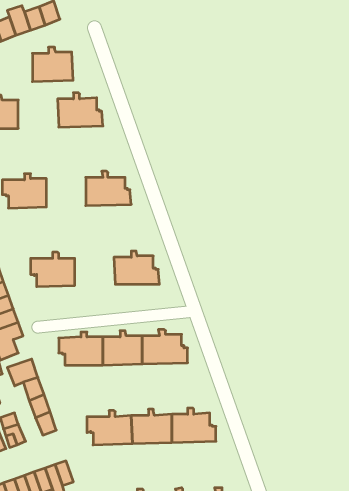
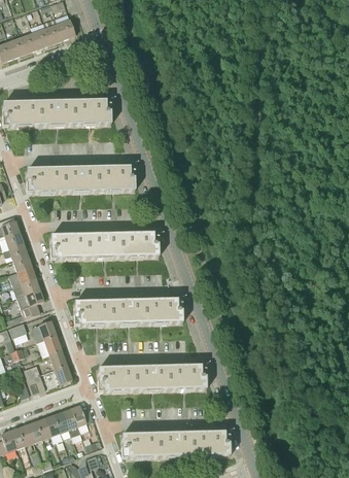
building: [32,47,73,82] -> [39,97,73,126]
building: none -> [63,163,96,192]
building: none -> [86,230,120,258]

